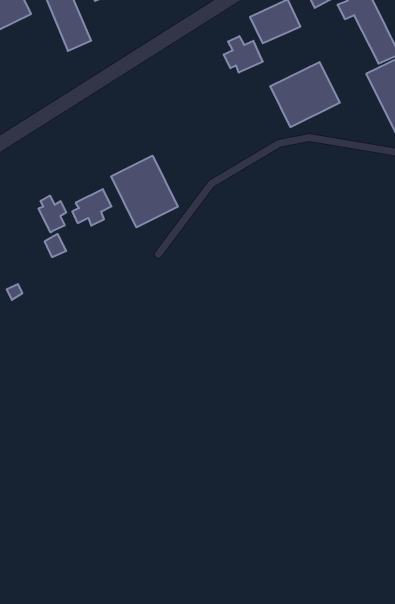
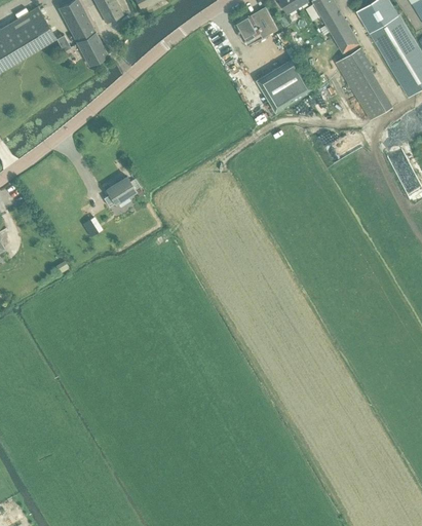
building: [224,36,263,73] -> none
building: [111,156,178,227] -> none
building: [39,196,66,232] -> none

